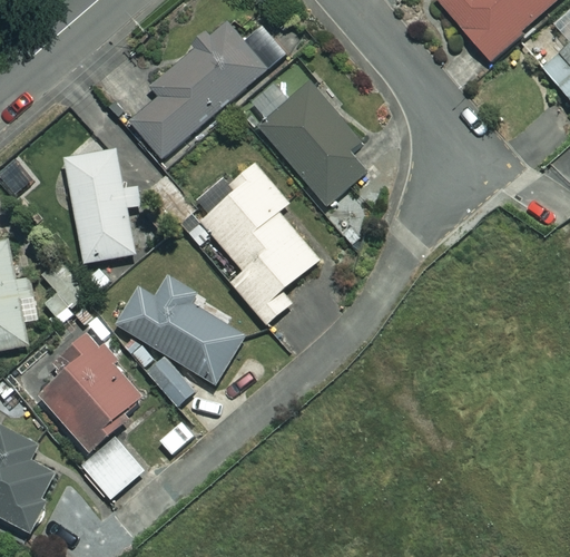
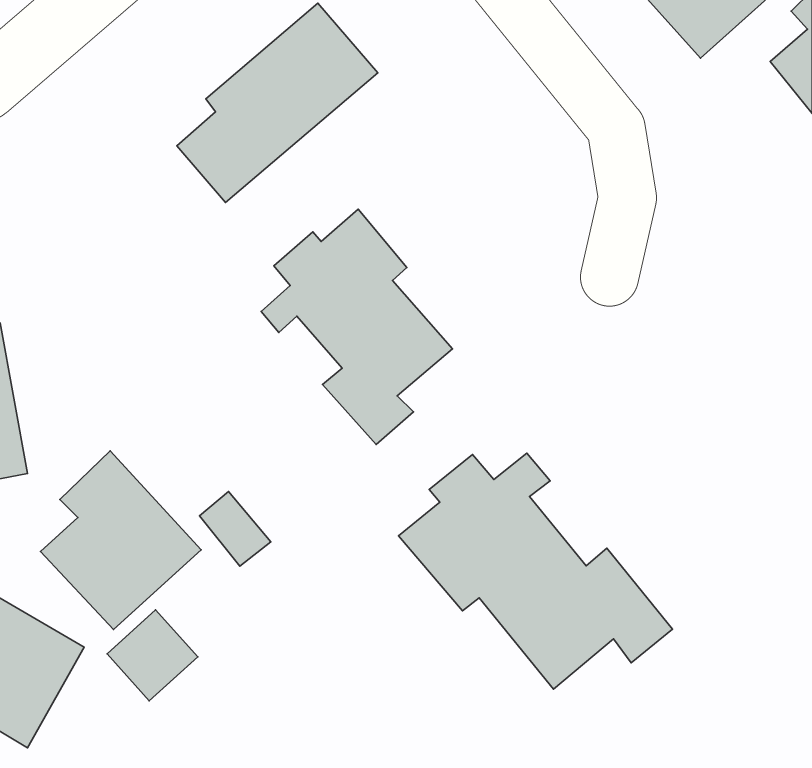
building: [259,81,365,206] -> none
building: [65,149,135,264] -> none
building: [118,282,246,384] -> none
building: none -> [399,453,672,689]

